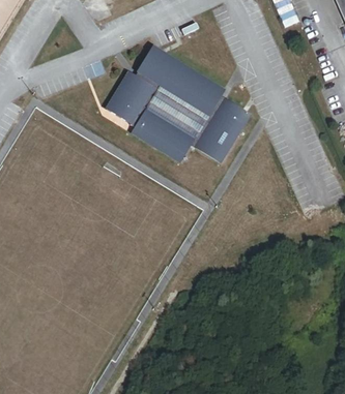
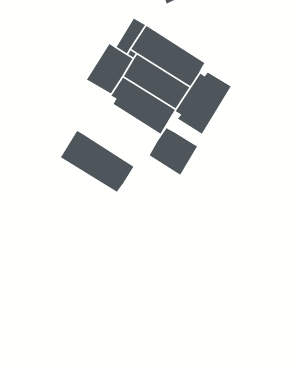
building: none -> [148,127,198,176]
building: none -> [60,130,135,193]

